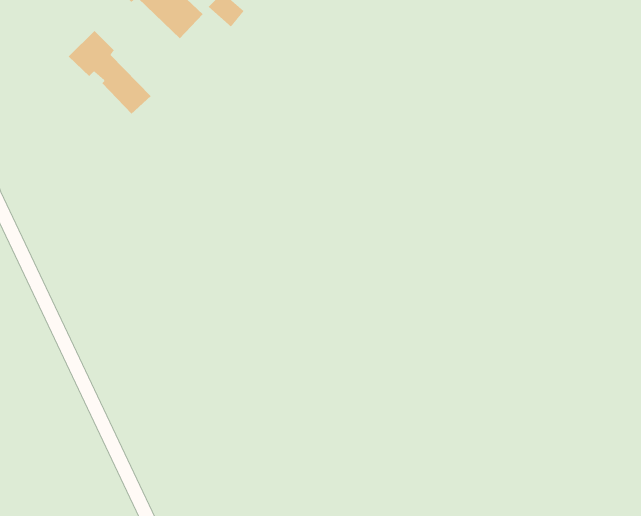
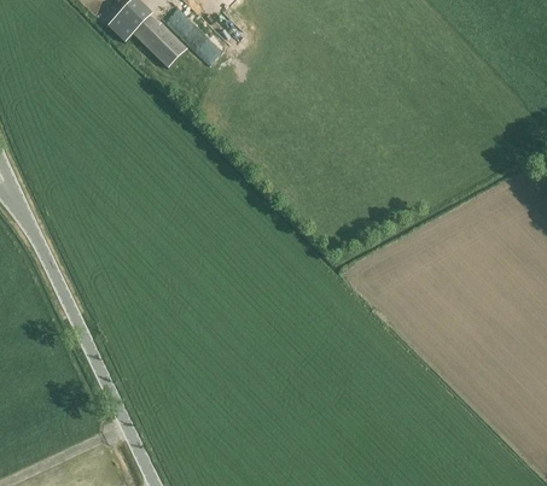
building: [68,30,151,115] -> none

